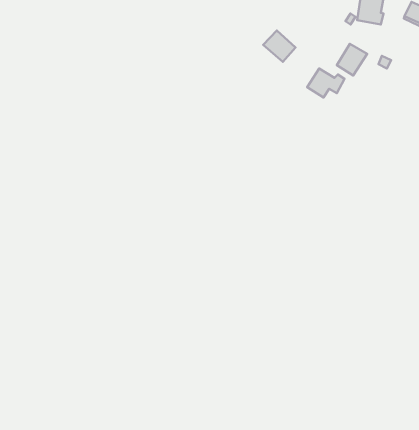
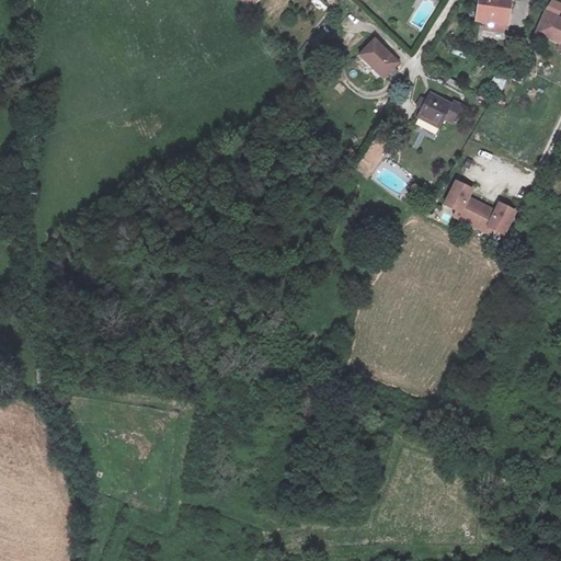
building: [337,44,367,75] -> none
building: none -> [443,180,514,233]

